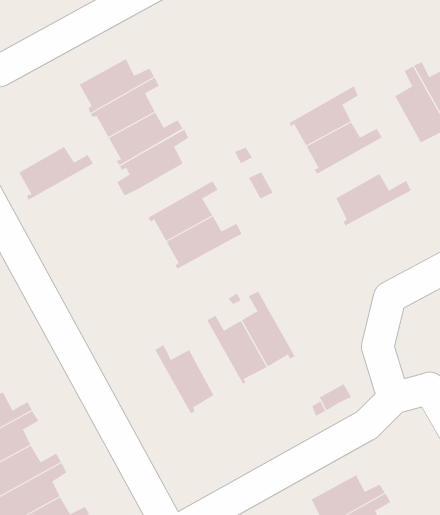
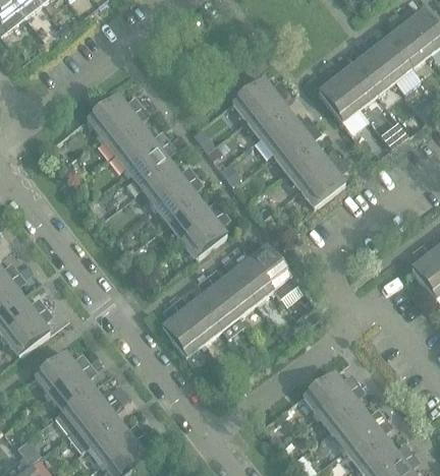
building: none -> [232,78,288,122]
building: none -> [271,122,320,172]
building: [19,146,94,200] -> [142,164,196,207]
building: none -> [297,155,350,206]
building: none -> [179,209,228,258]
building: none -> [241,243,298,297]
building: none -> [198,276,245,338]
building: none -> [162,303,206,358]

